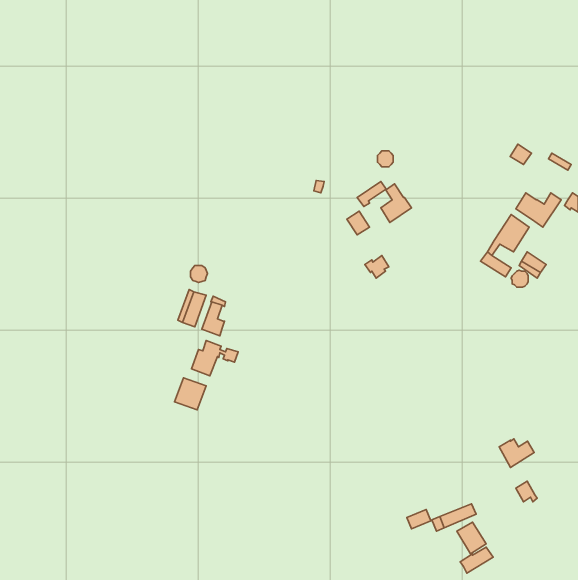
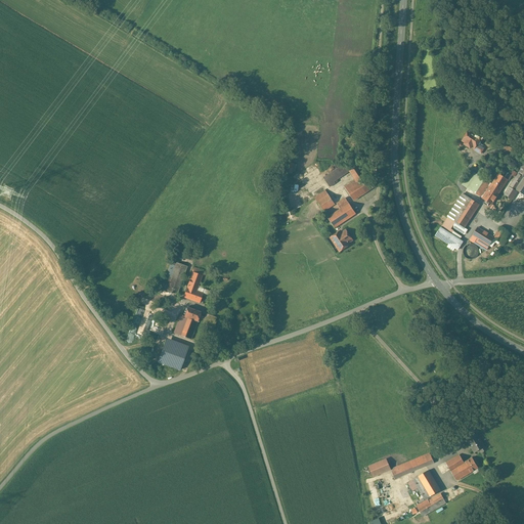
building: none -> [326,198,354,227]
building: [499,439,534,467] -> [445,455,477,481]

